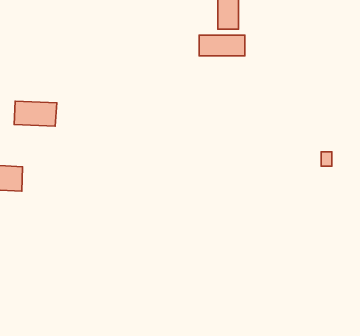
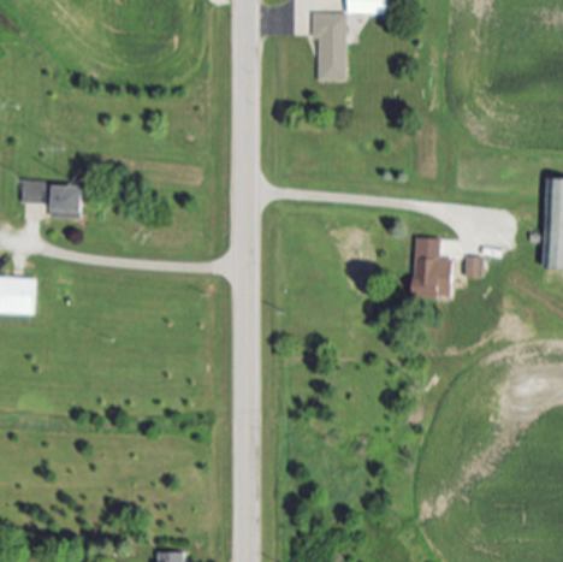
building: [199,35,245,56] -> none
building: none -> [415,237,443,296]

